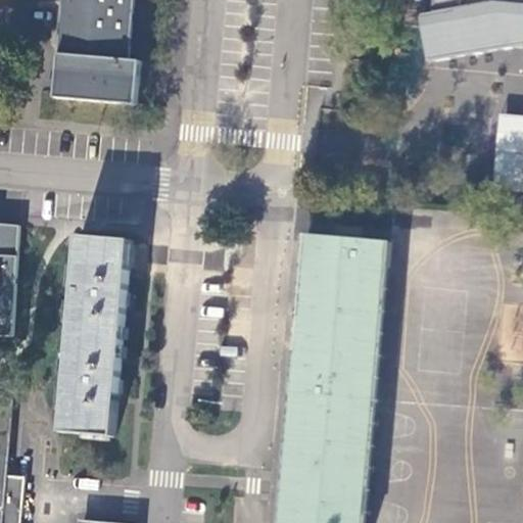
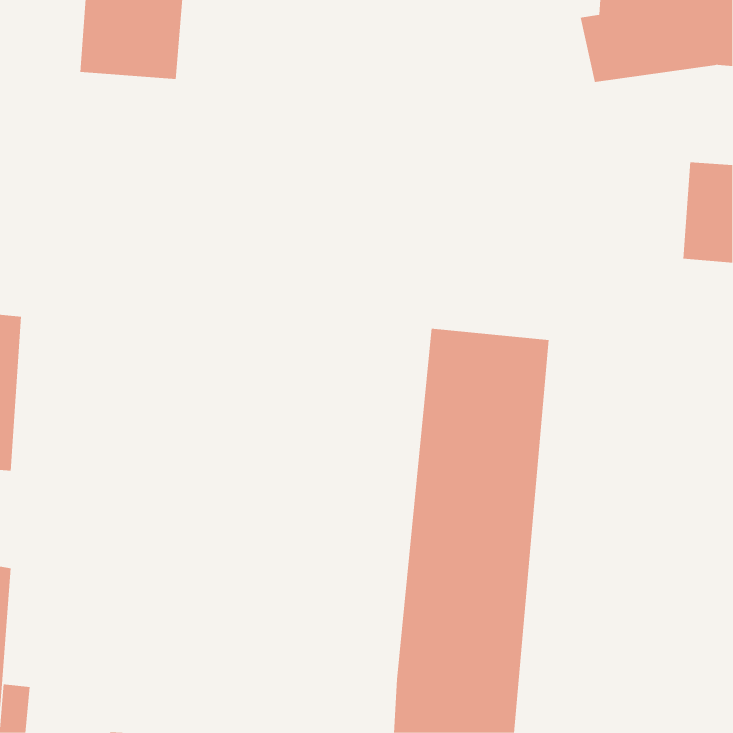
building: [52,51,137,100] -> none
building: [58,233,128,435] -> none

